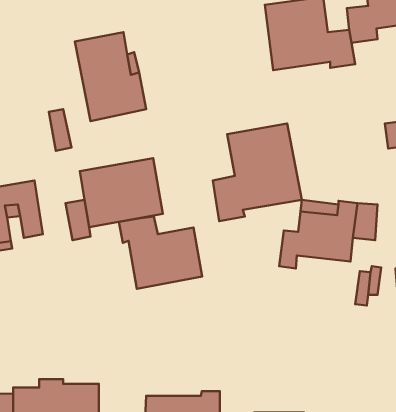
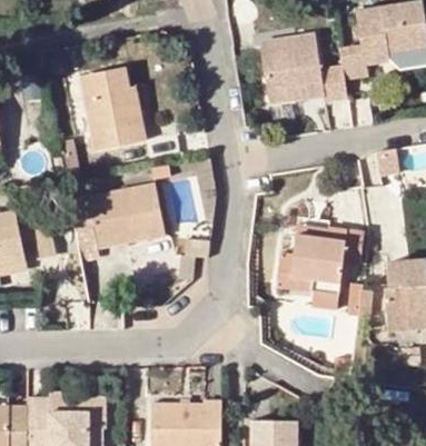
building: [213,124,302,221] -> none
building: [119,216,202,289] -> none
building: none -> [290,276,341,309]

